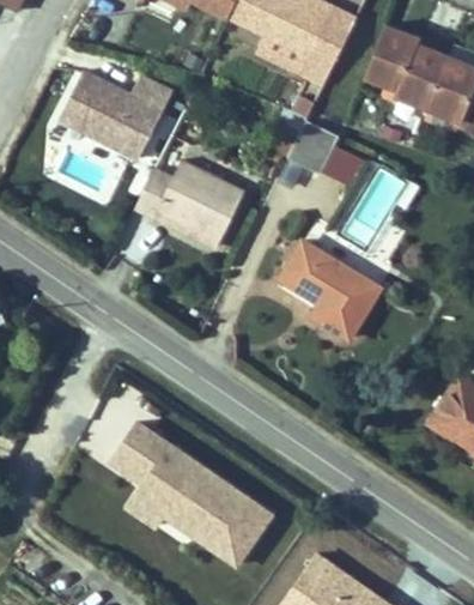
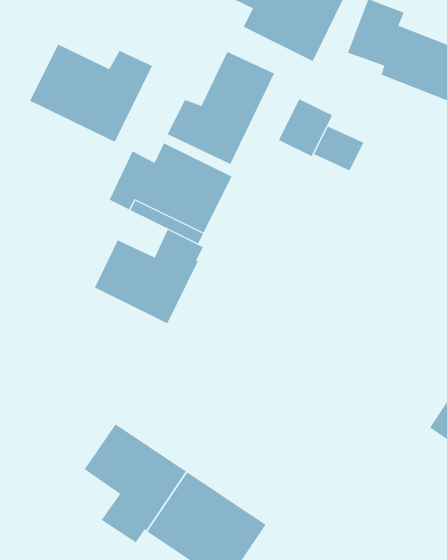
building: none -> [167,51,275,165]
building: [275,232,385,338] -> none
building: none -> [94,229,203,324]

